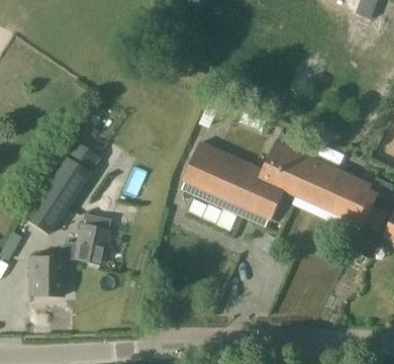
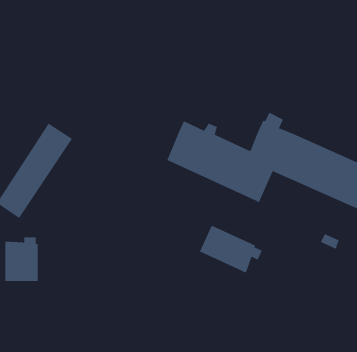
building: [61,225,106,263] -> none
building: none -> [199,225,263,273]

